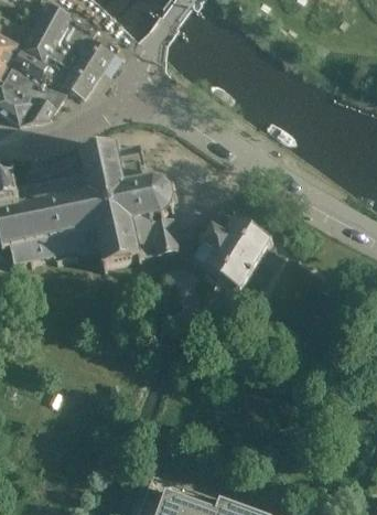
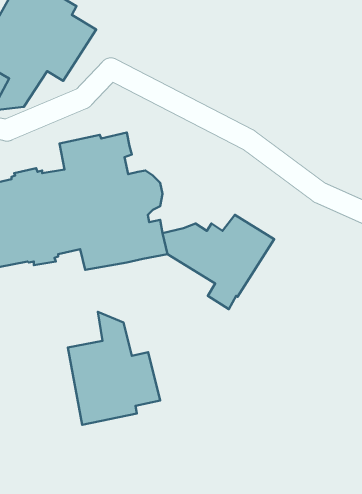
building: none -> [68,312,160,425]

